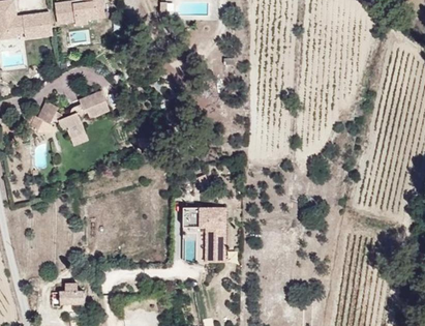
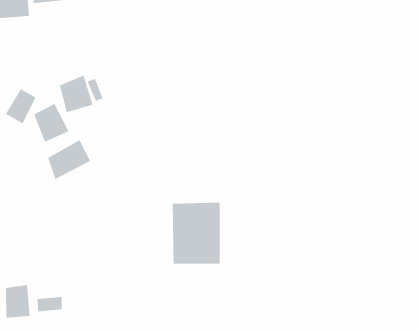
building: none -> [47,139,91,180]
building: none -> [5,284,31,318]

